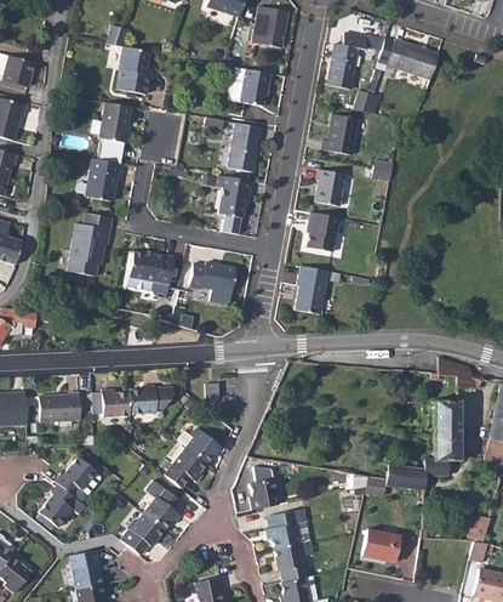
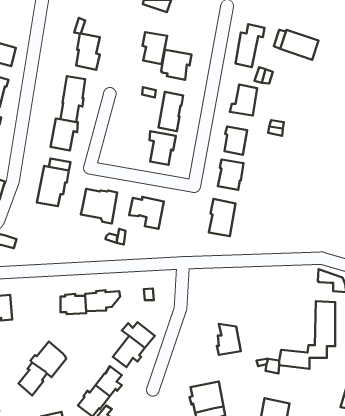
building: [256,6,288,49] -> [142,32,167,64]
building: [45,394,85,422] -> none
building: [251,466,282,507] -> [217,324,241,355]

